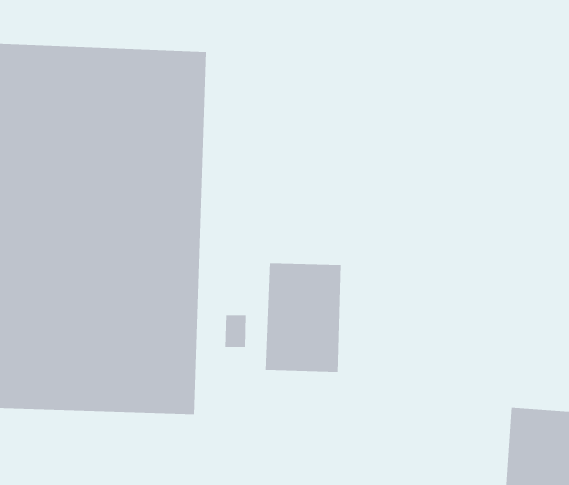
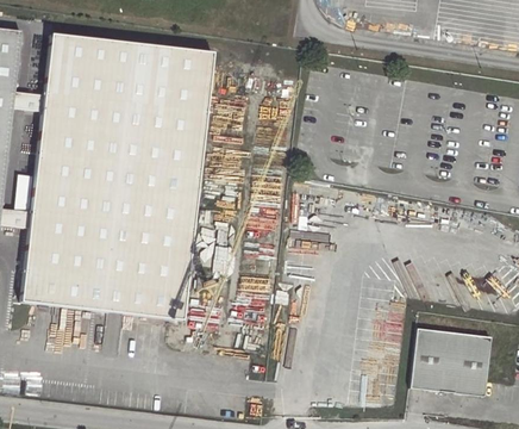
building: [265,263,341,373] -> none

